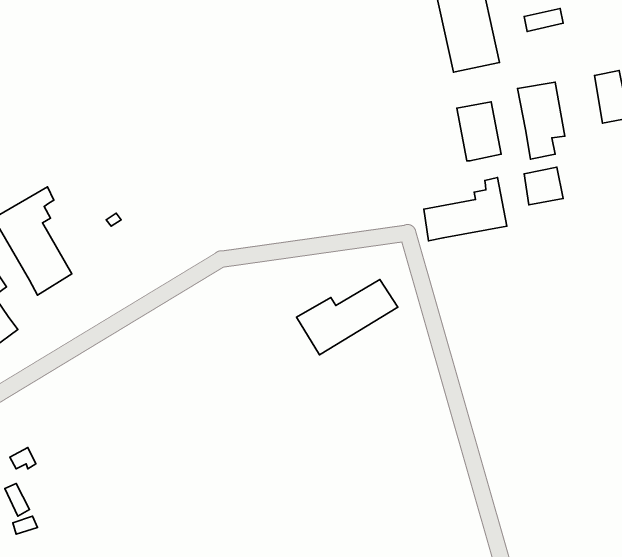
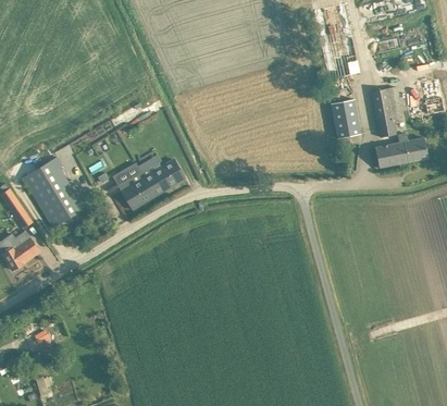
building: none -> [397,134,429,163]
building: [424,178,507,241] -> none
building: [296,279,398,355] -> [117,159,185,209]

